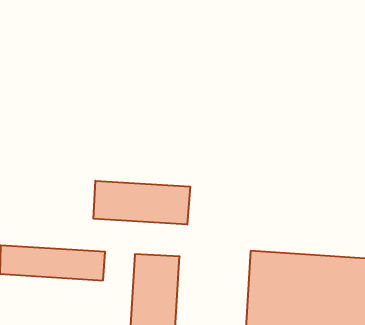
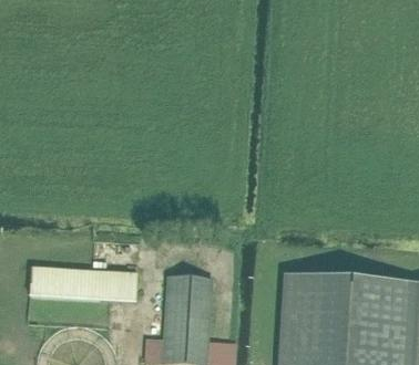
building: [94,181,190,225] -> none

